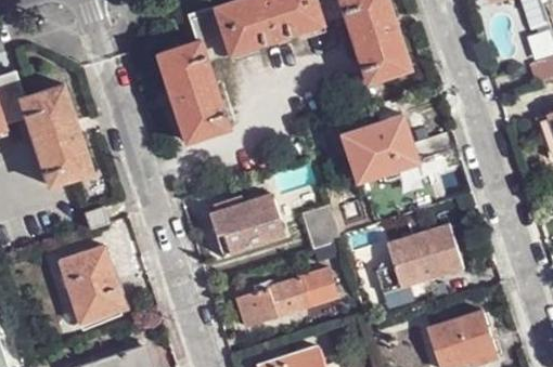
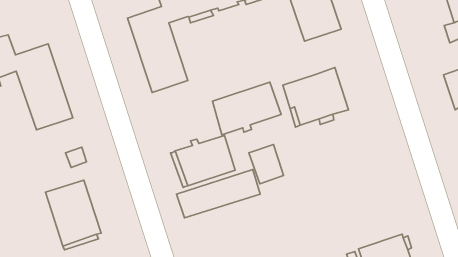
building: none -> [212,82,281,135]
building: [370,221,463,293] -> none
building: [235,268,335,326] -> [176,169,260,218]

